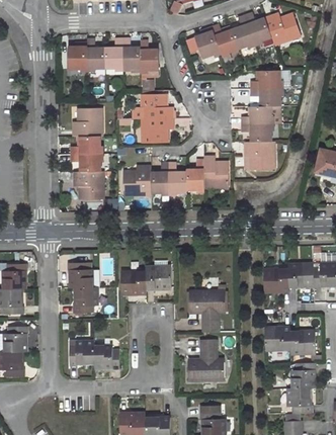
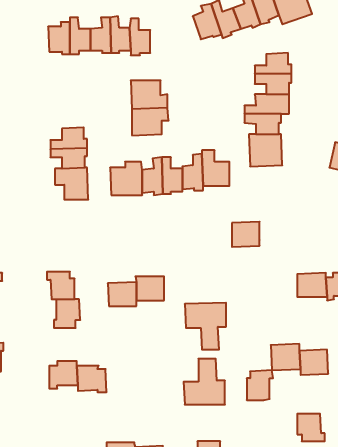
building: [73,108,102,137] -> none
building: [263,269,287,291] -> [232,222,260,247]
building: [292,362,316,388] -> [247,370,273,400]

